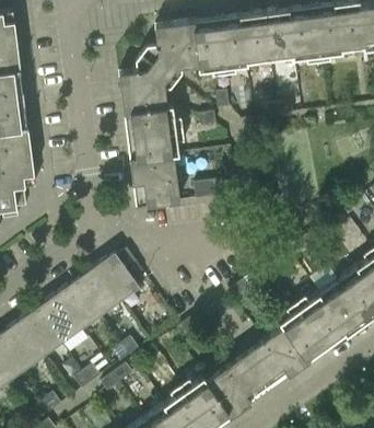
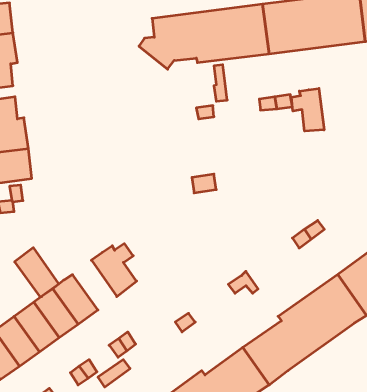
building: [117,55,178,208] -> none
building: none -> [291,88,324,131]
building: [74,267,118,316] -> [15,248,59,297]

